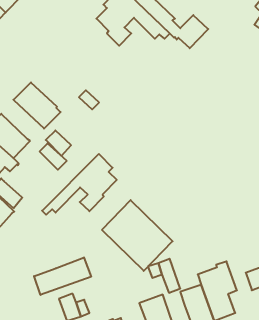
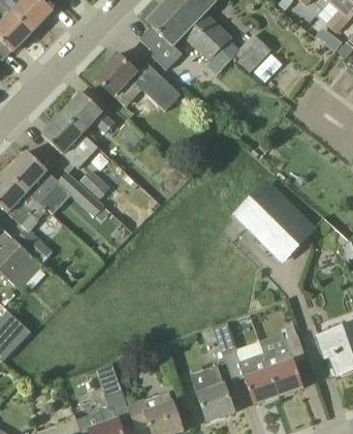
building: none -> [95,53,180,111]
building: none -> [62,91,115,142]
building: [42,154,117,215] -> none
building: [102,200,173,271] -> [232,180,316,264]
building: [34,257,91,295] -> none

